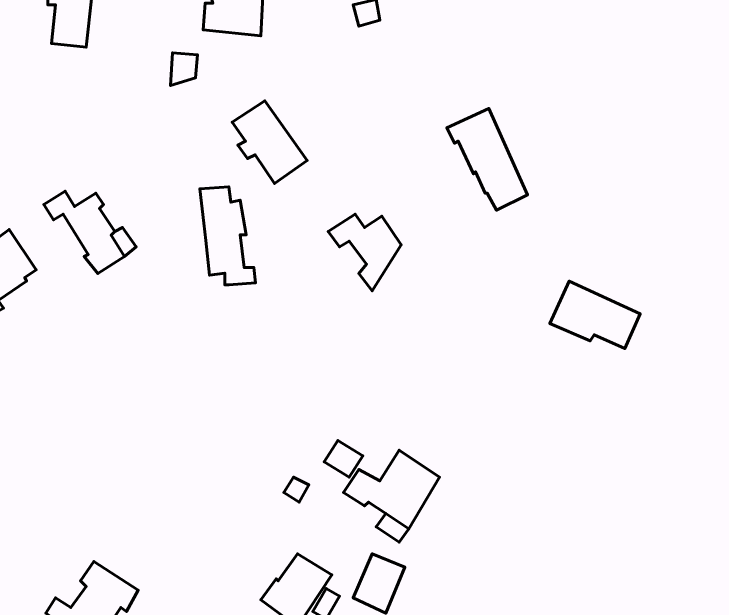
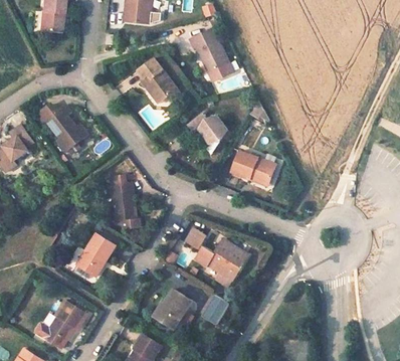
building: [447,109,527,210] -> [190,27,232,80]
building: [200,187,256,285] -> [111,175,140,226]
building: [550,281,640,348] -> [227,150,274,185]
building: none -> [76,232,118,279]

